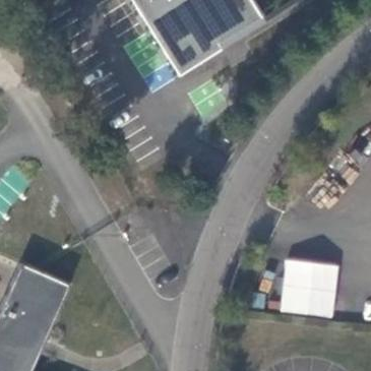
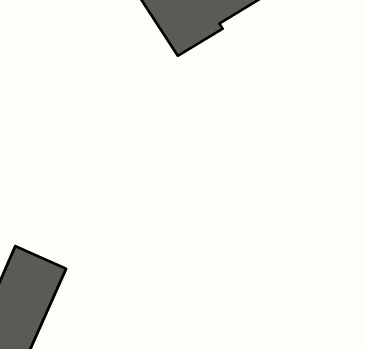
building: [281,259,338,316] -> none

